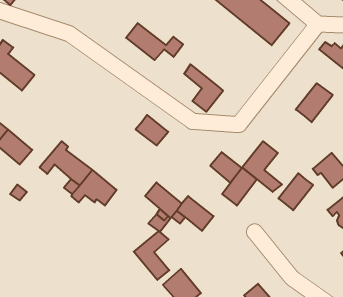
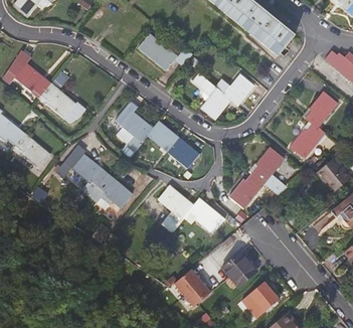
building: none -> [225,72,255,104]
building: none -> [39,83,85,122]
building: none -> [115,101,154,142]
building: [210,152,242,183] -> [168,137,198,166]
building: [278,173,313,210] -> [290,122,323,157]
building: [134,231,169,280] -> none
building: none -> [223,252,257,289]

